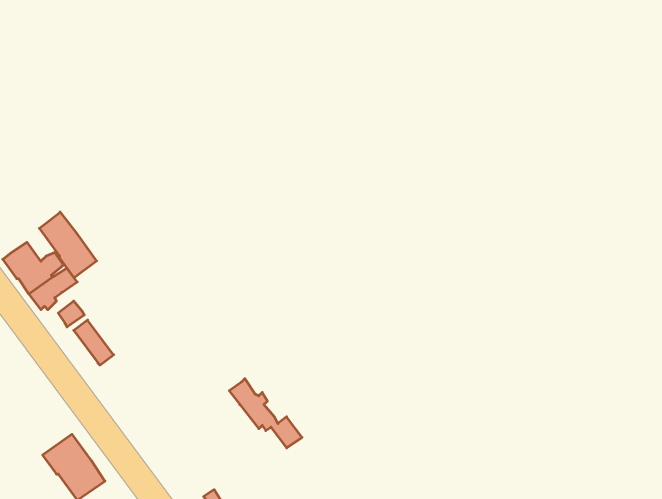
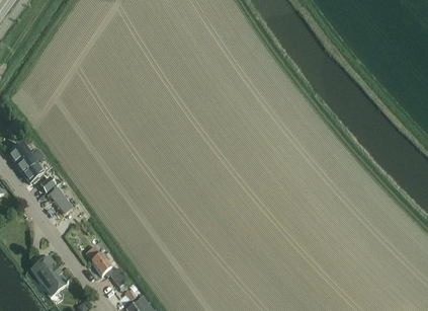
building: [39,212,97,278] -> none
building: [229,379,302,448] -> [84,244,126,285]

